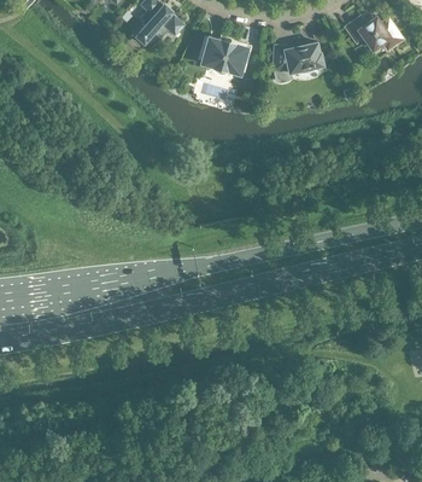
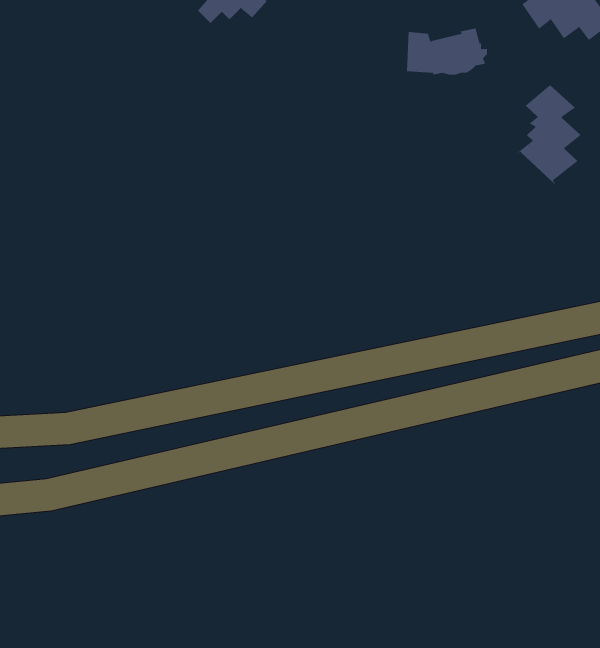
building: [204,40,246,79] -> none
building: none -> [510,76,582,190]

